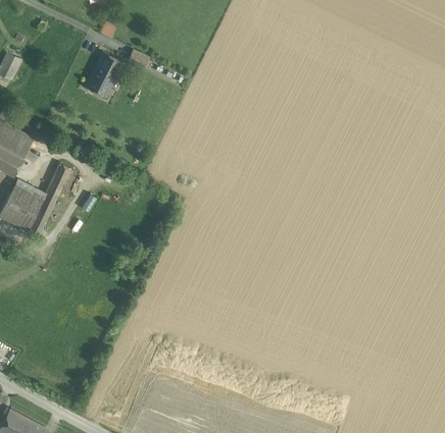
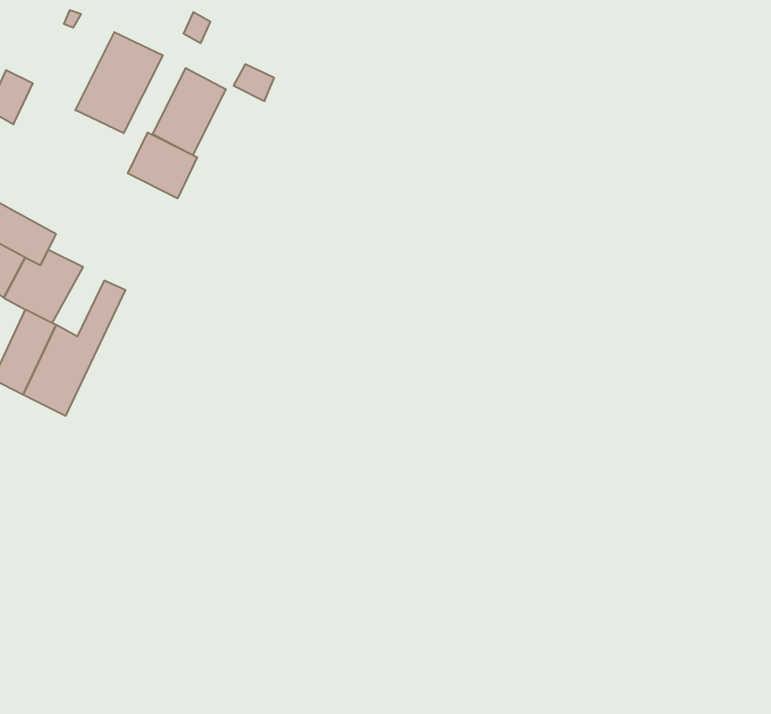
building: none -> [75,32,163,133]
building: none -> [128,132,197,198]

